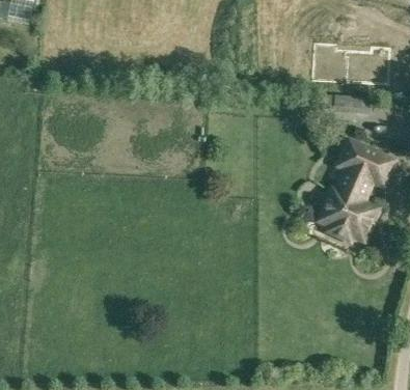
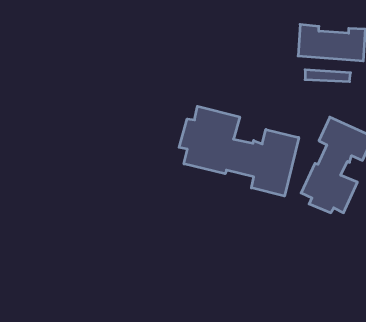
building: none -> [179,106,299,196]

